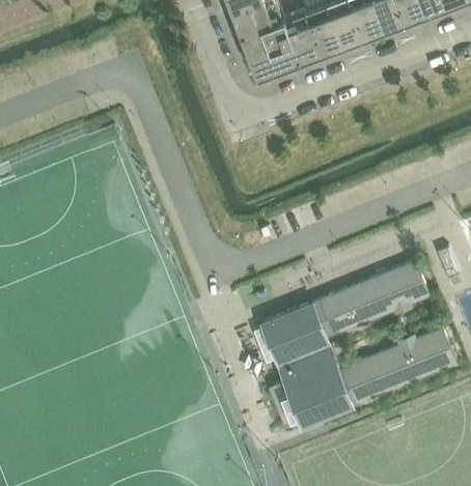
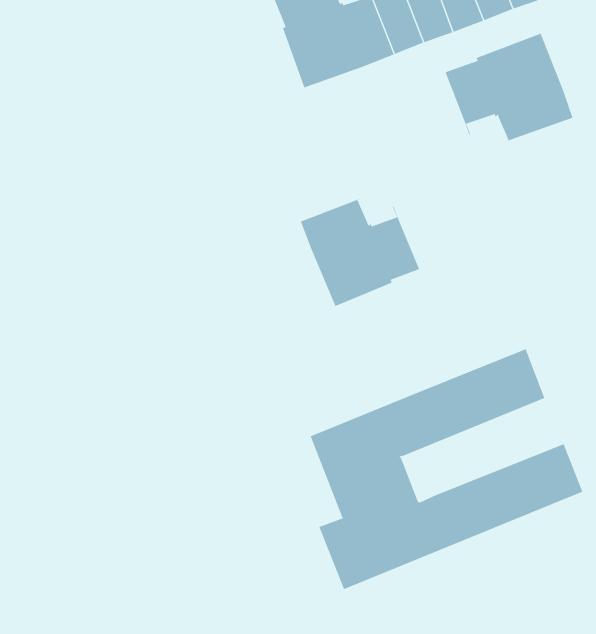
building: none -> [445,33,573,146]
building: none -> [300,195,420,307]

